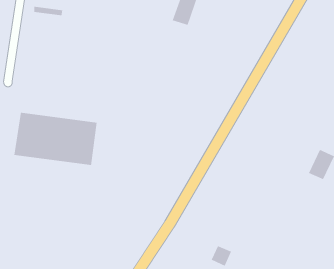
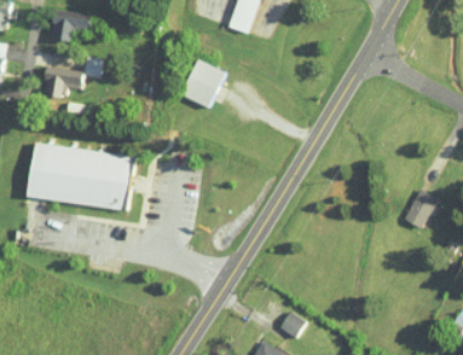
building: none -> [50,17,88,42]
building: none -> [41,57,100,98]
building: none -> [181,59,226,107]

